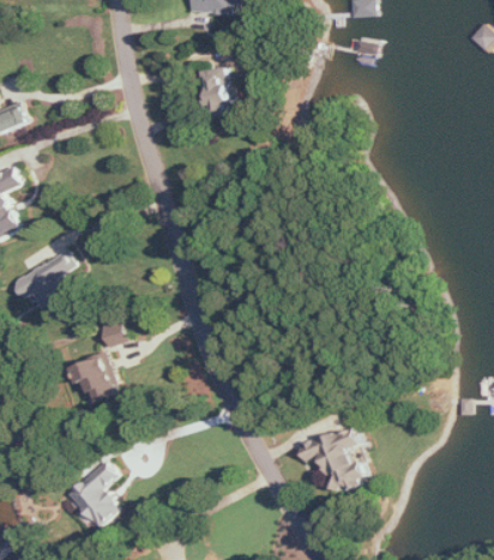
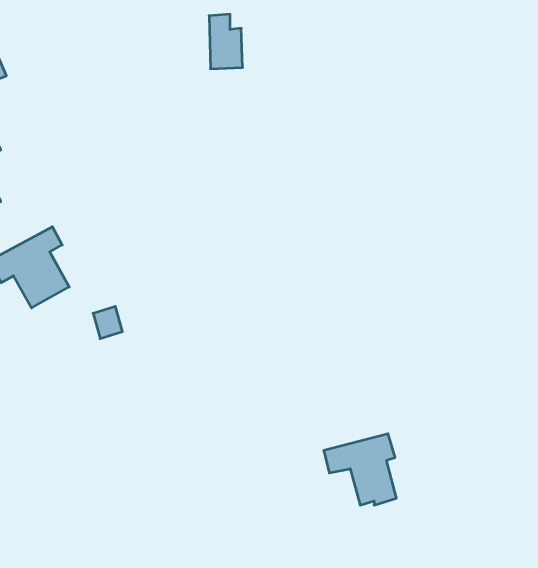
building: [70,356,114,403] -> none
building: [61,460,119,532] -> none

